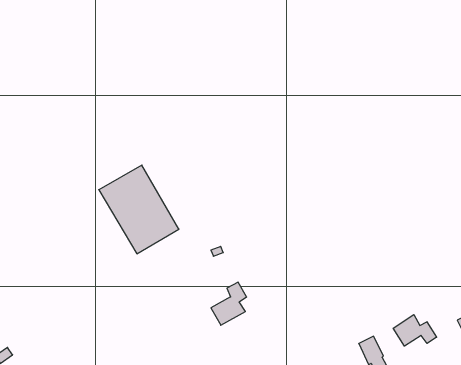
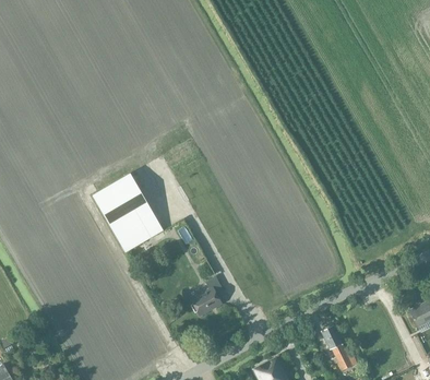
building: [393,315,437,346] -> none

